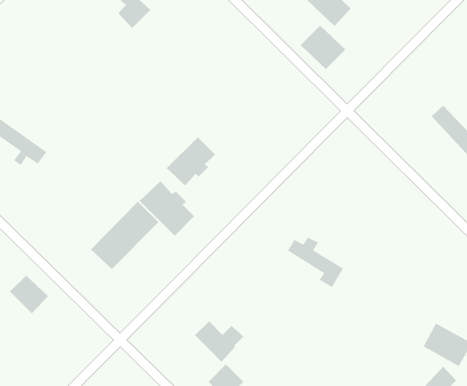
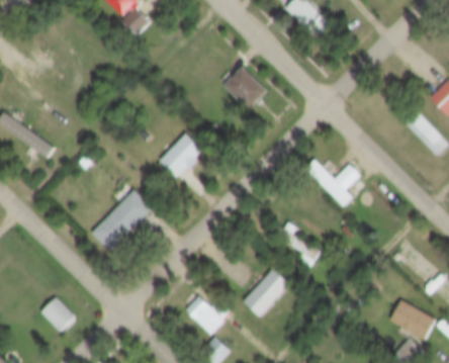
building: [300,25,346,70] -> [224,68,266,108]
building: none -> [306,161,360,207]
building: [139,181,195,236] -> none
building: [9,275,49,314] -> [40,297,76,333]
building: none -> [243,269,289,317]

